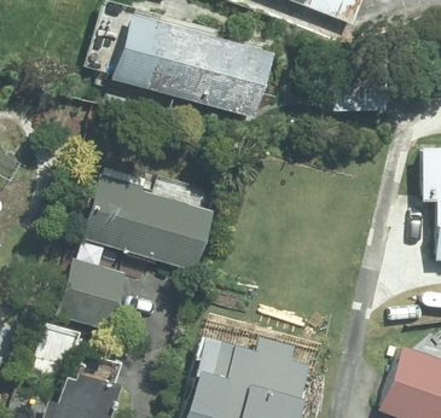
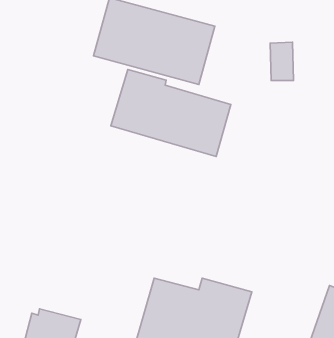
building: [79,173,215,272] -> [111,69,231,157]
building: [56,259,128,332] -> none

